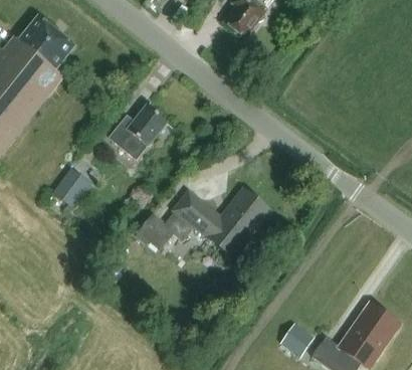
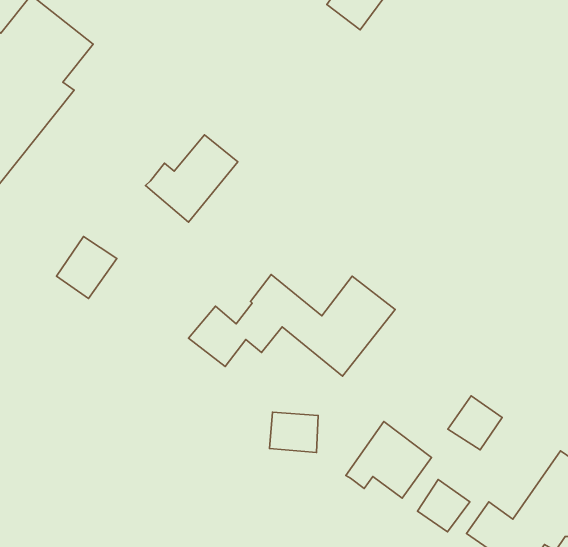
building: none -> [448,396,502,450]
building: none -> [270,412,318,453]
building: none -> [346,421,432,498]

